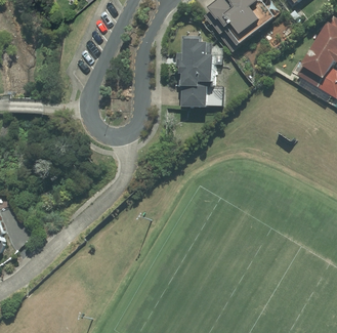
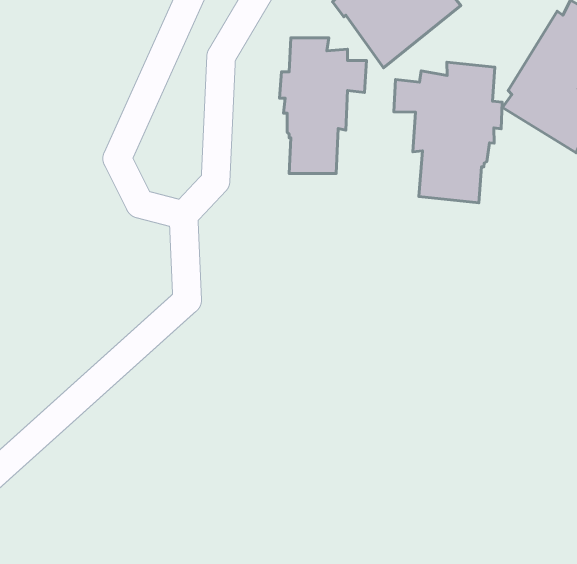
building: none -> [394,62,502,203]

